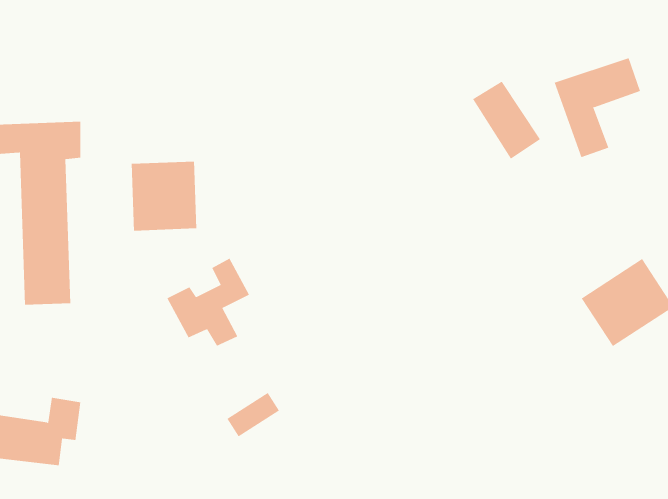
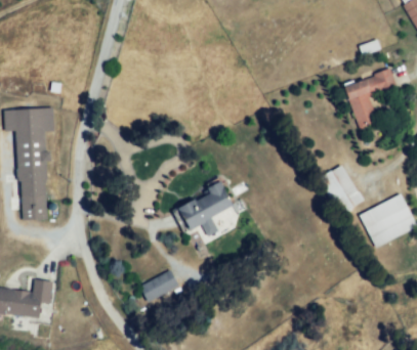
building: [472,81,541,159] -> [322,163,364,211]
building: [131,161,197,231] -> none
building: [166,258,250,347] -> [179,182,231,236]

